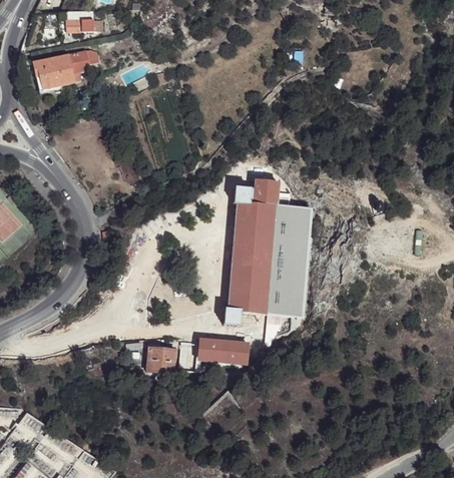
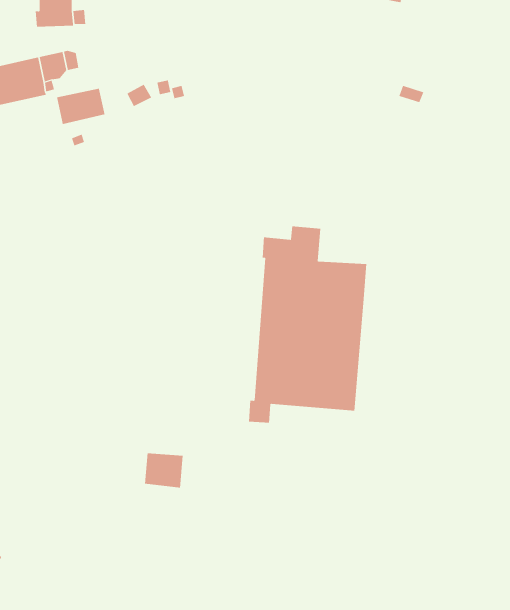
building: none -> [57,88,105,125]
building: [179,337,249,370] -> none

